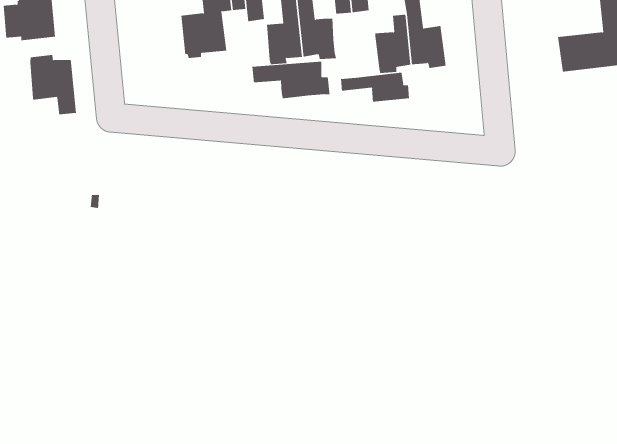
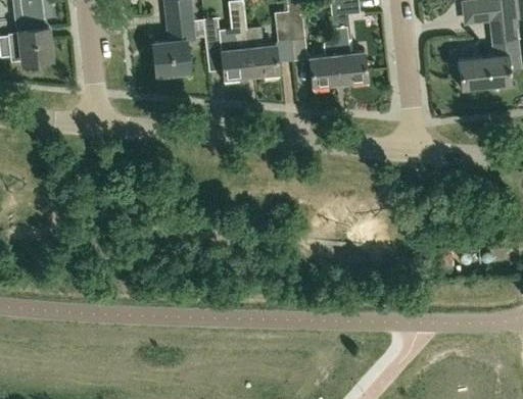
building: [30,54,76,115] -> none
building: [252,61,330,99] -> none
building: [341,72,410,102] -> none

